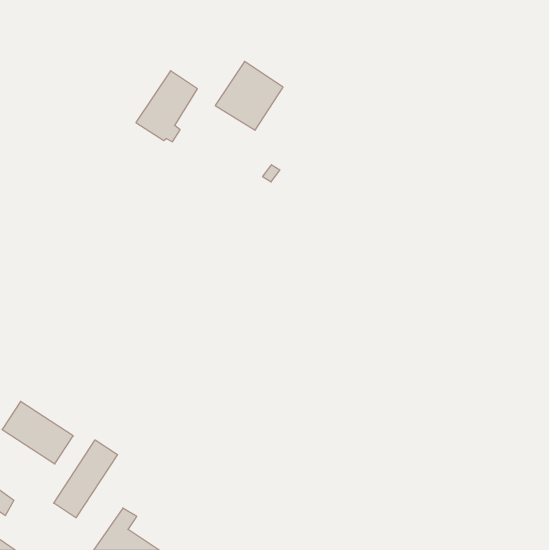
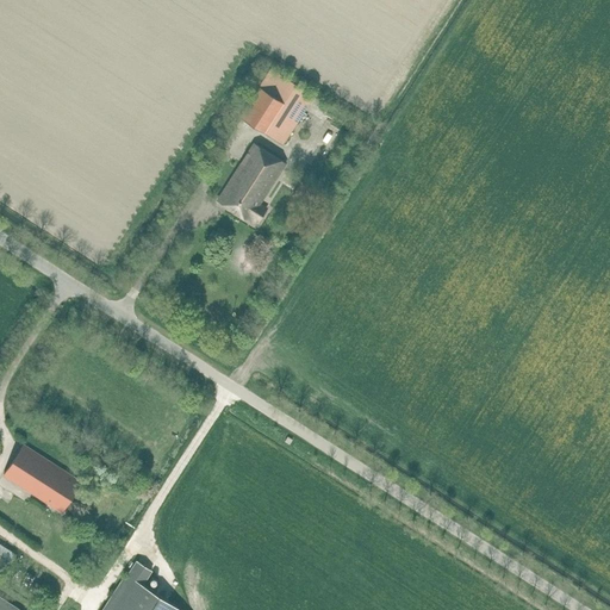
building: [136,71,197,142] -> [217,143,285,222]
building: [54,440,117,518] -> none

